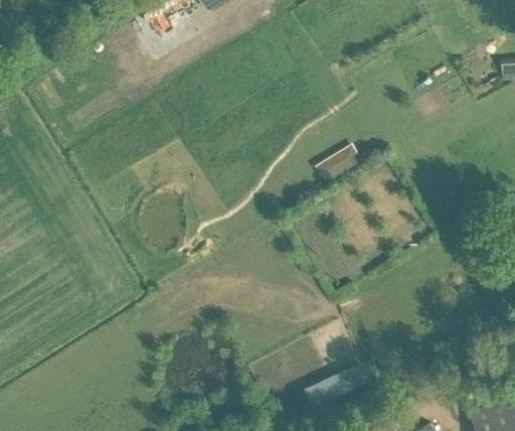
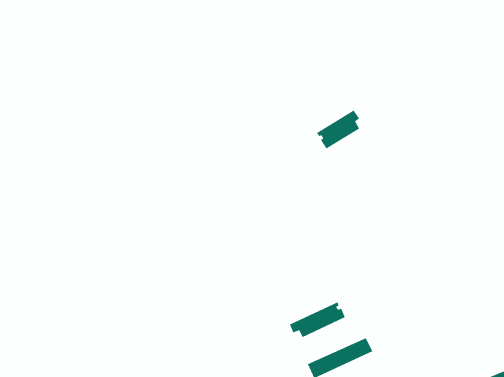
building: none -> [289,301,346,338]

